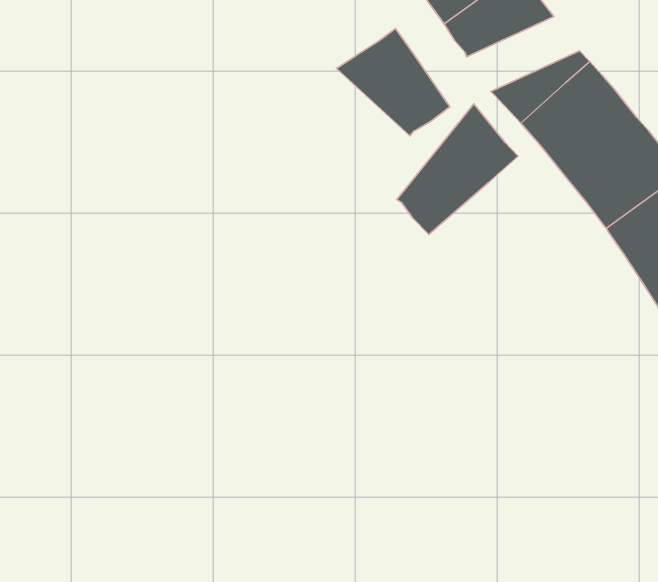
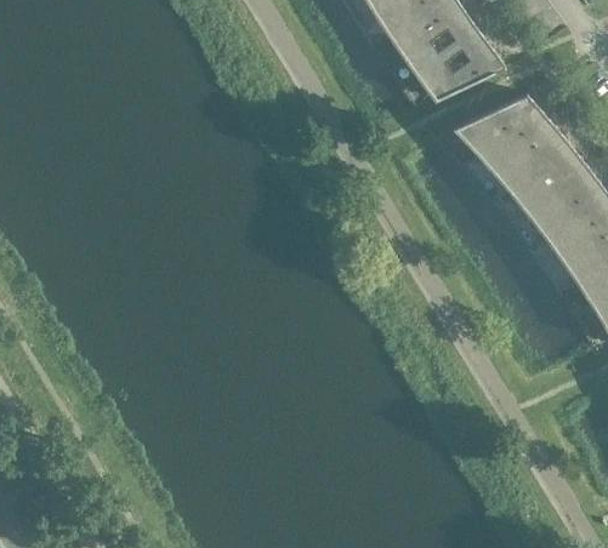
building: [336,29,450,136] -> none
building: [397,104,518,234] -> none

